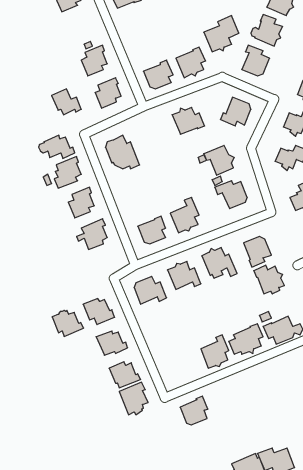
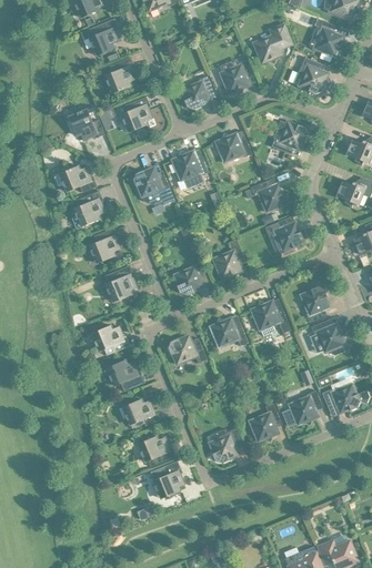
building: none -> [89,18,120,54]
building: none -> [170,149,209,187]
building: [52,310,84,336] -> [92,324,130,355]
building: [180,396,208,425] -> [208,428,241,463]

